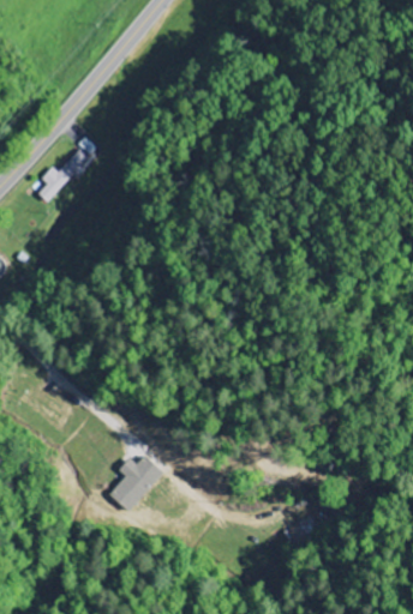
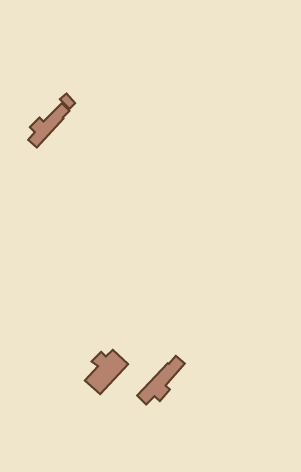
building: none -> [137,356,185,404]

